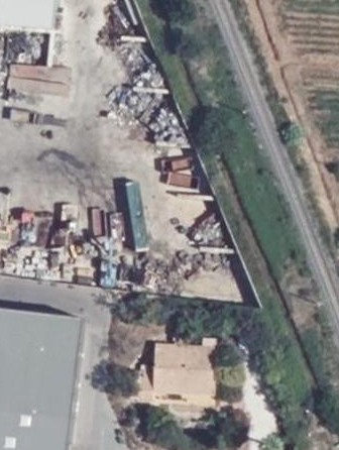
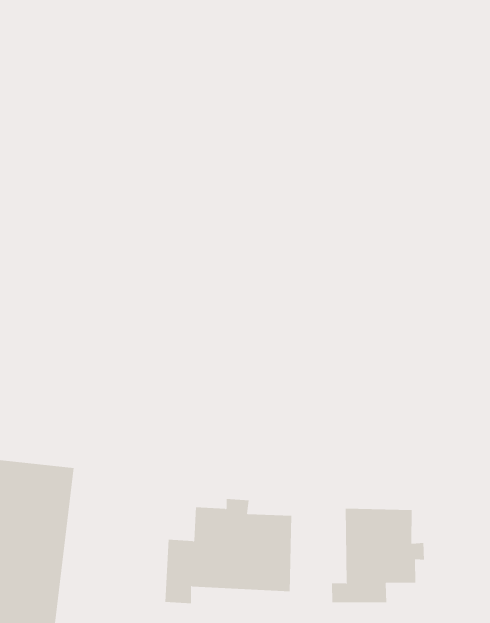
building: none -> [331,508,424,603]

